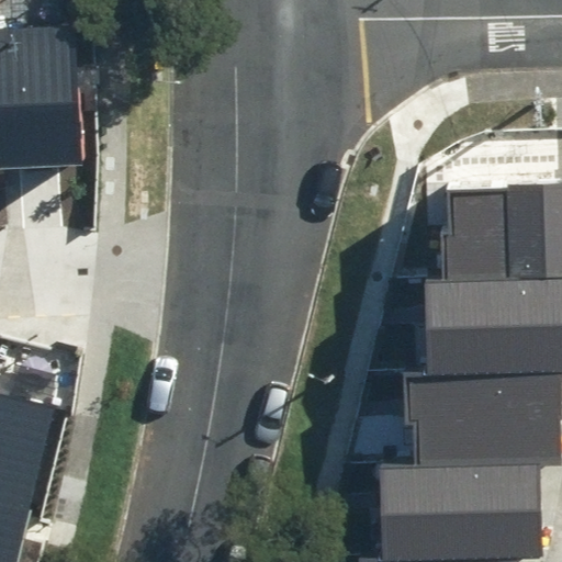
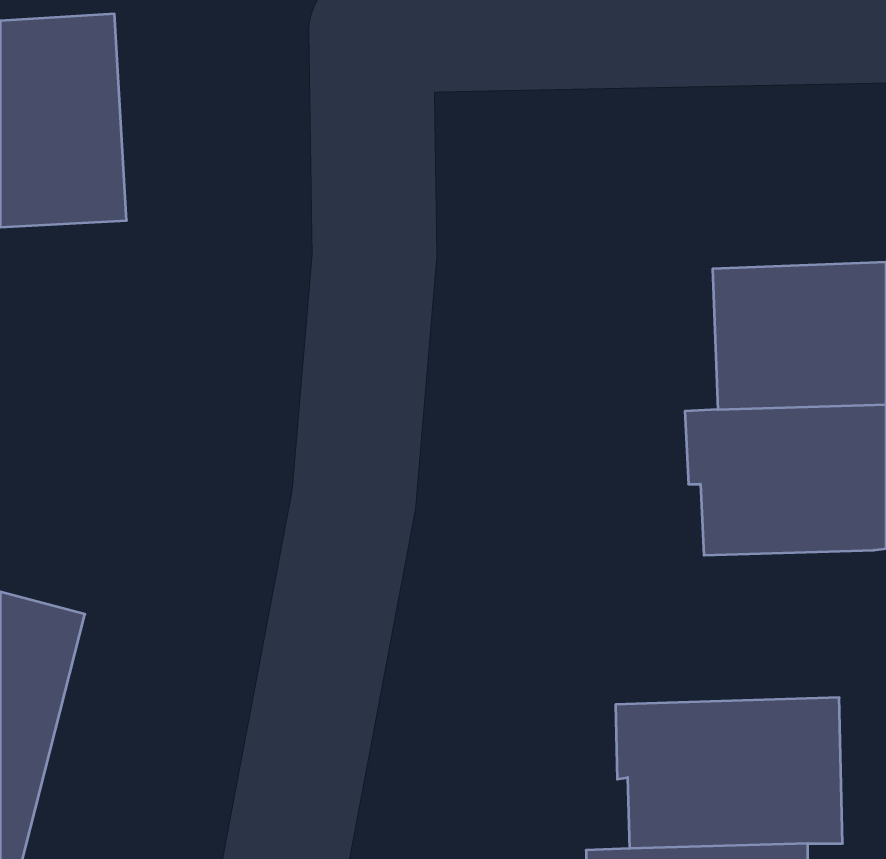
building: [414,366,557,462] -> none

